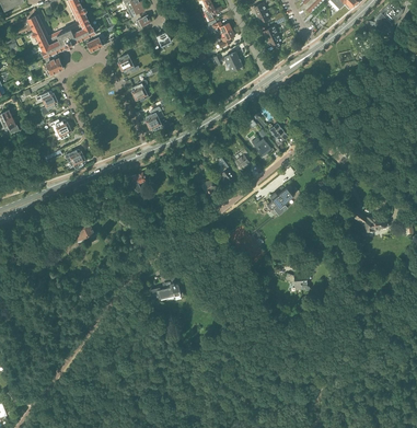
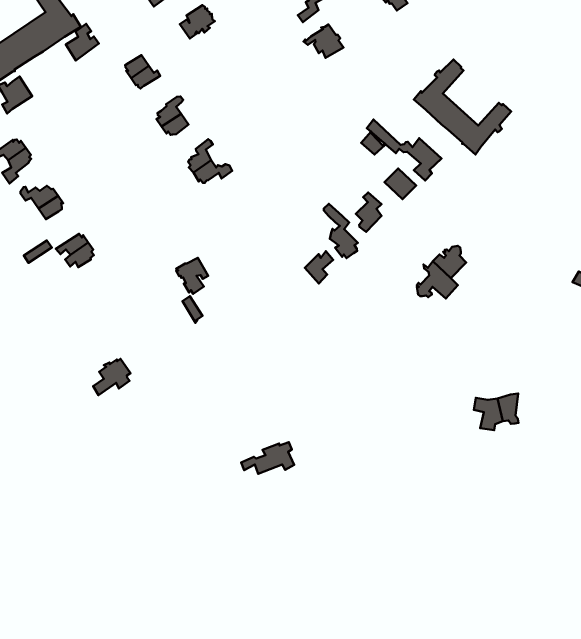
building: none -> [414,59,511,155]

